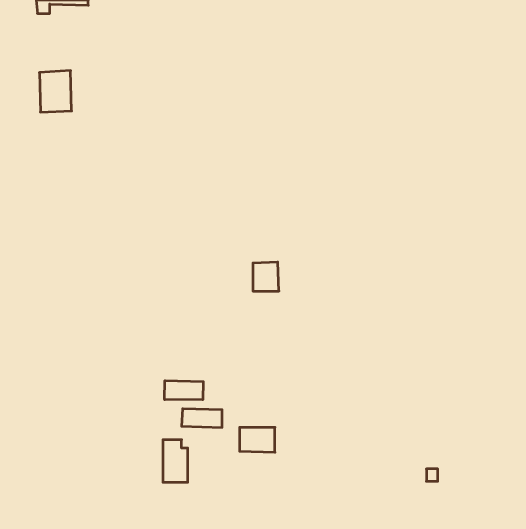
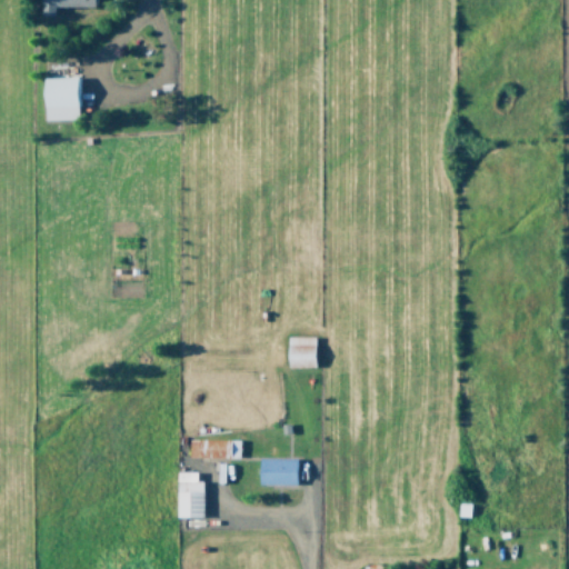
building: [253,262,279,291] -> [290,337,318,368]
building: [165,381,203,400] -> none

